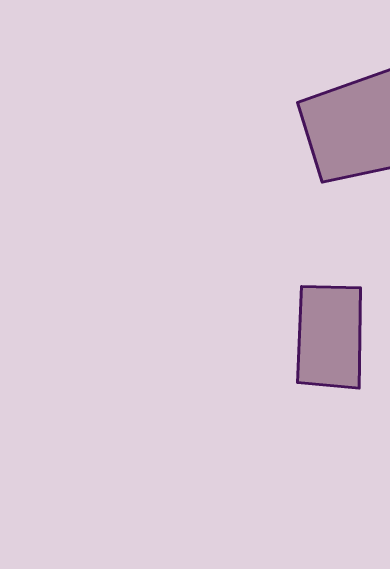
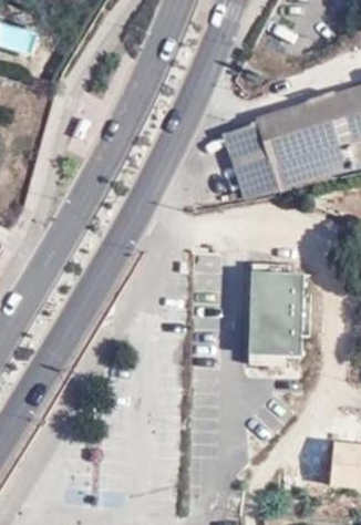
building: none -> [225,123,270,194]

